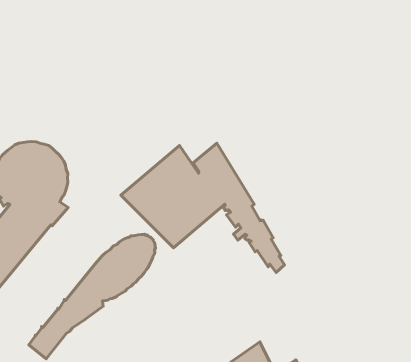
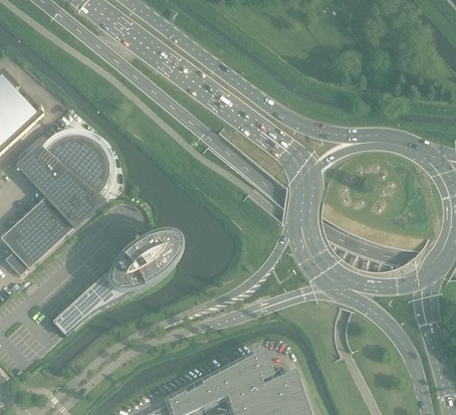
building: [121,143,285,273] -> none

